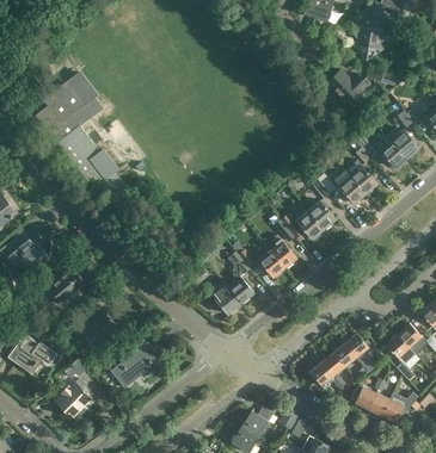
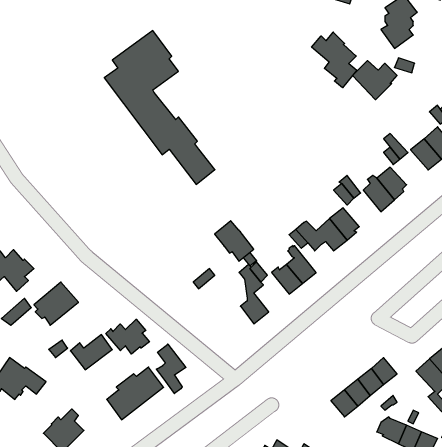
building: none -> [312,32,357,88]
building: [36,72,134,207] -> [104,31,215,184]
building: [207,278,241,314] -> [215,221,254,261]
building: none -> [106,319,149,354]
building: none -> [156,344,186,394]

